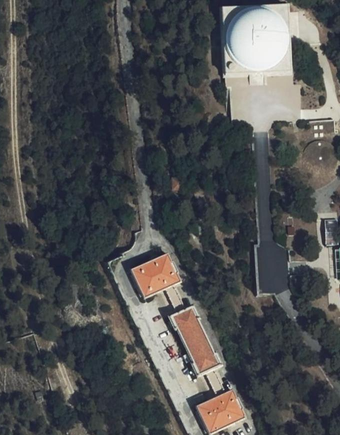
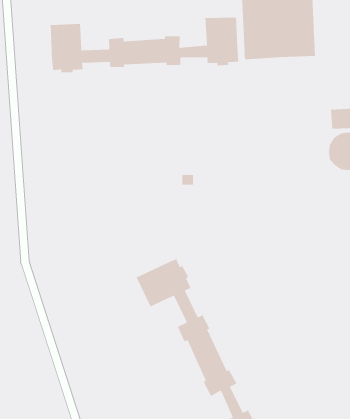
building: none -> [50,17,239,73]

